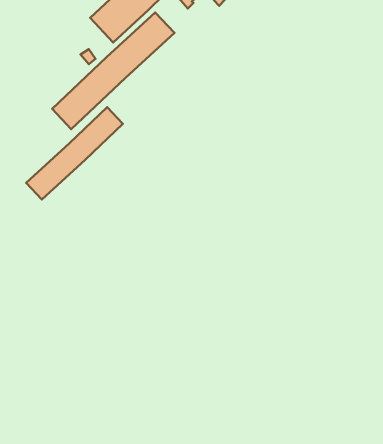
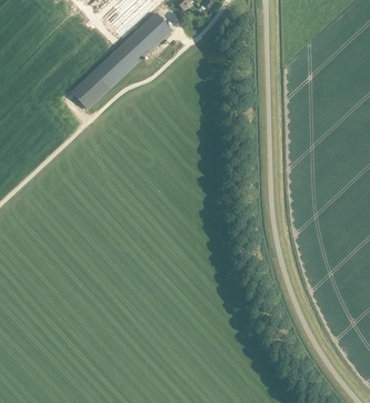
building: [26,107,123,200] -> none

